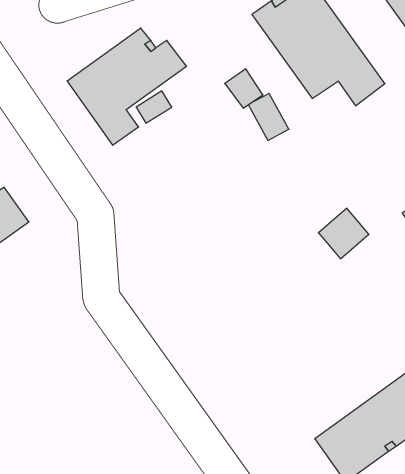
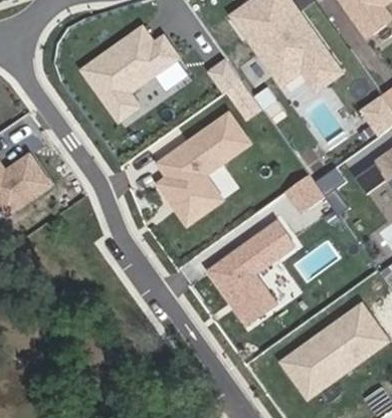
building: none -> [159,113,248,222]
building: none -> [205,216,300,328]

